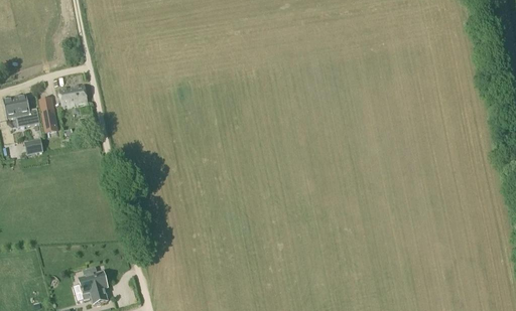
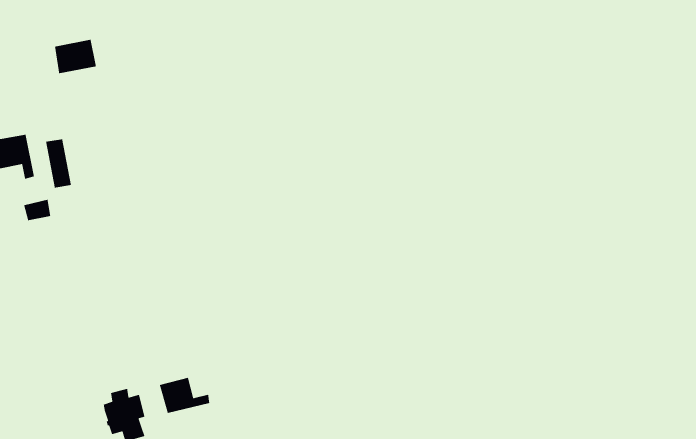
building: [58,84,88,108] -> [54,39,97,74]
building: none -> [159,377,210,414]

